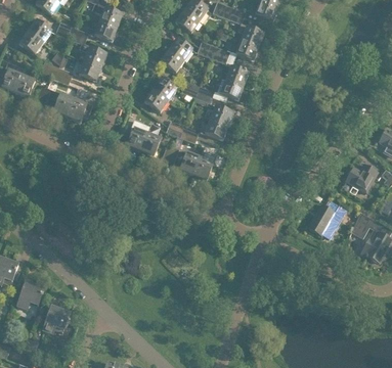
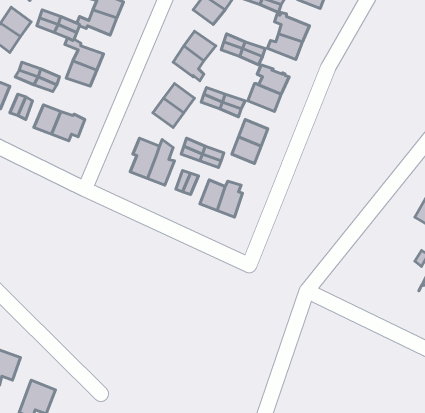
building: [307,199,345,235] -> none

